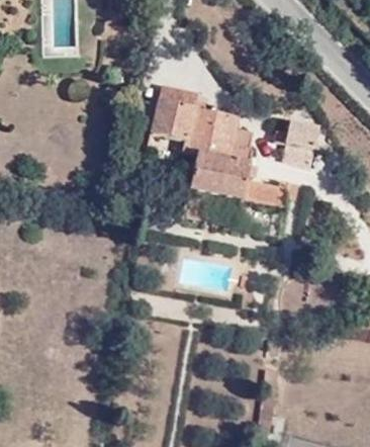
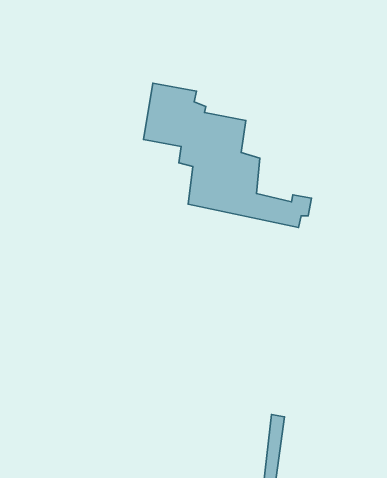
building: [274,123,321,167] -> none

